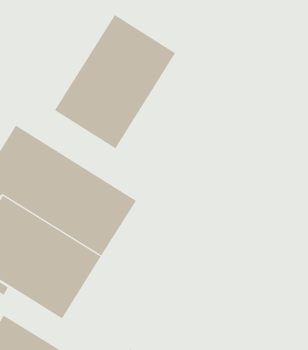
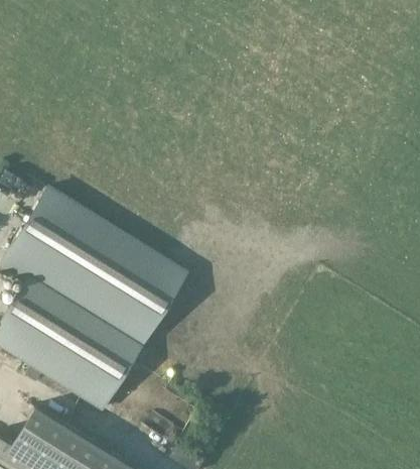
building: [54,14,176,149] -> none

